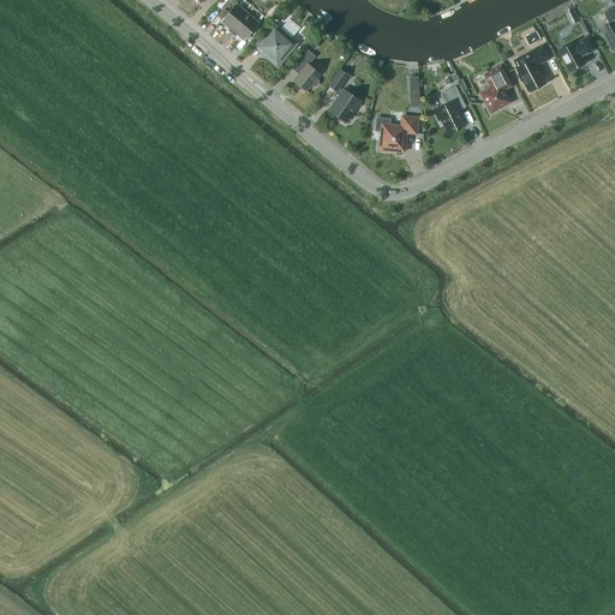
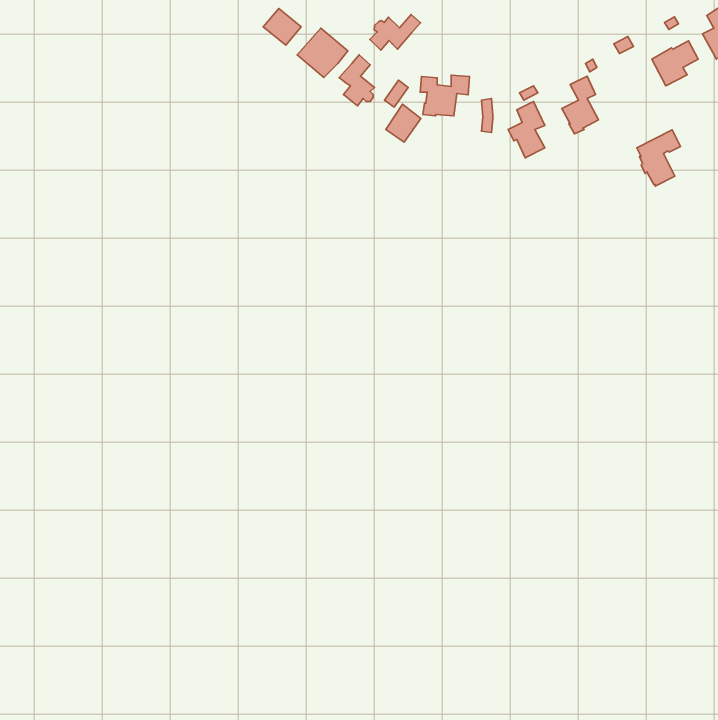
building: none -> [370,15,421,50]
building: [514,44,551,92] -> [637,130,680,186]
building: [376,117,418,151] -> [420,75,469,116]

